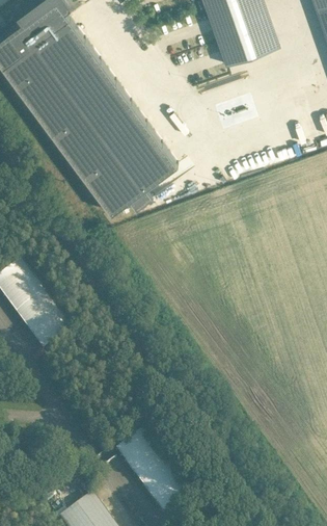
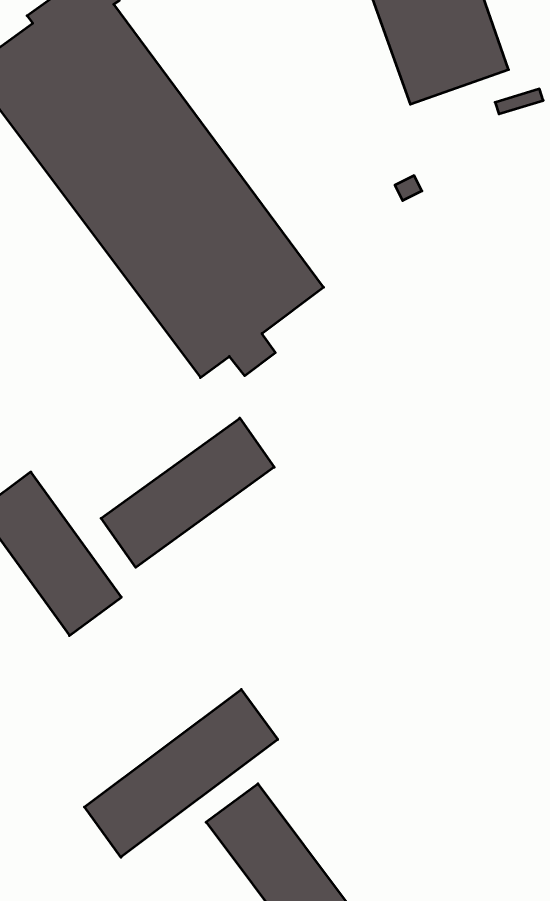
building: none -> [101,418,274,567]
building: none -> [84,689,278,857]

